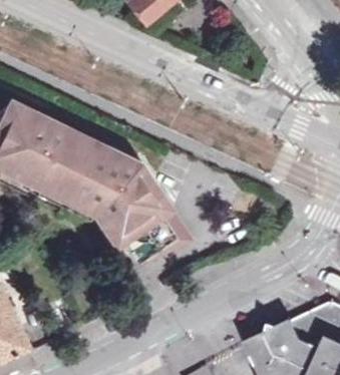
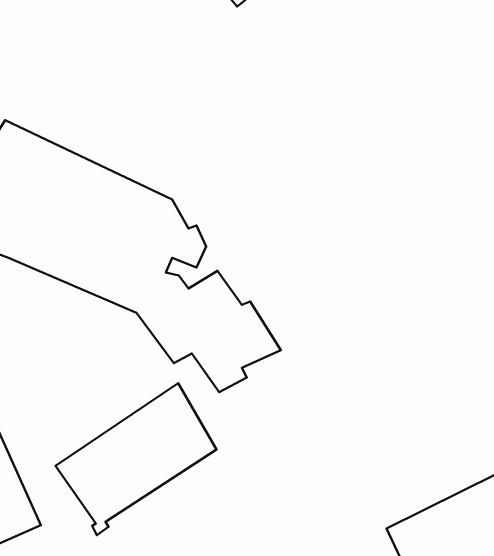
building: [105,143,189,254] -> none
building: none -> [56,383,217,535]

